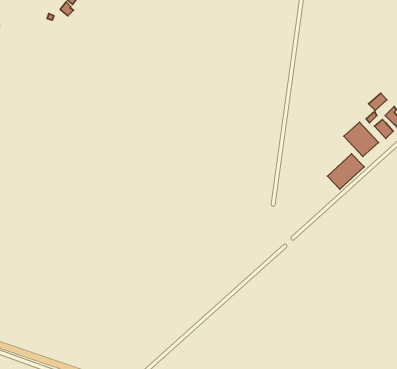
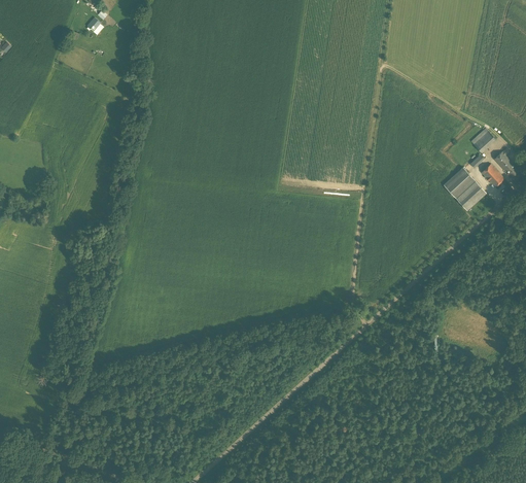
building: [327,154,364,189] -> none

